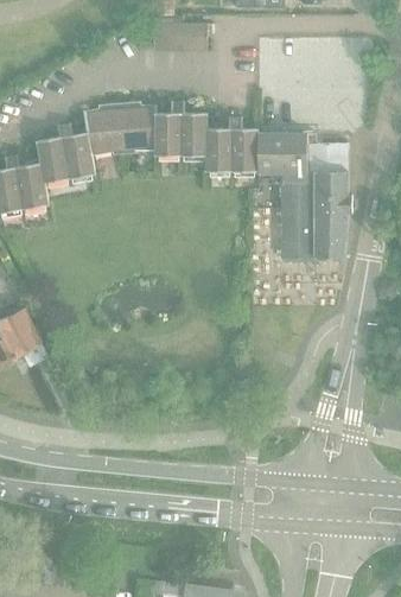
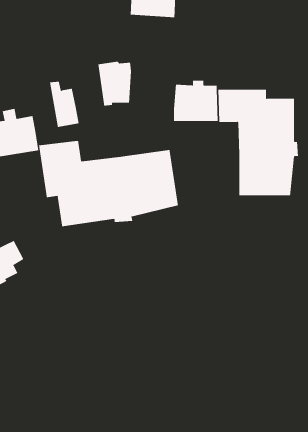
building: [154,100,208,157] -> none
building: [84,103,123,155] -> none
building: [37,125,69,183] -> none
building: none -> [38,140,178,227]

